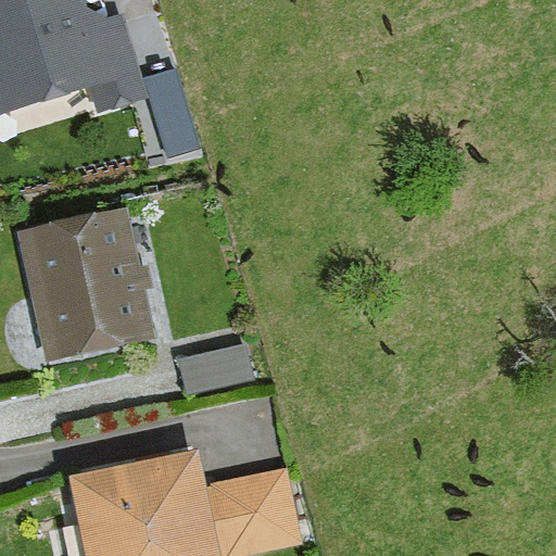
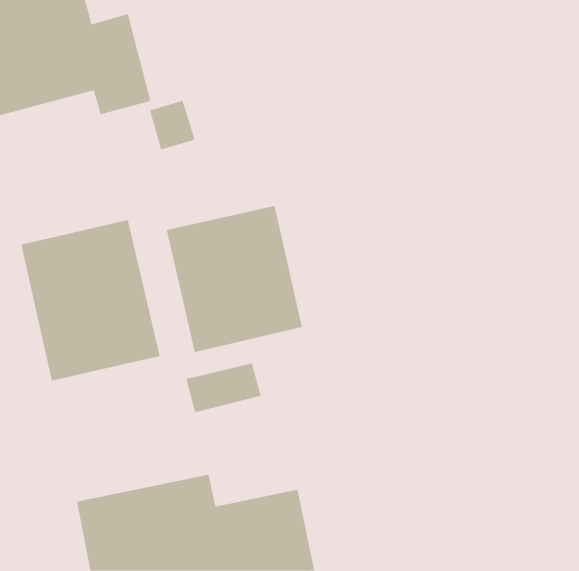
building: none -> [166,205,303,353]

